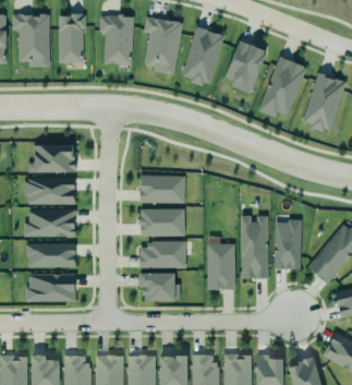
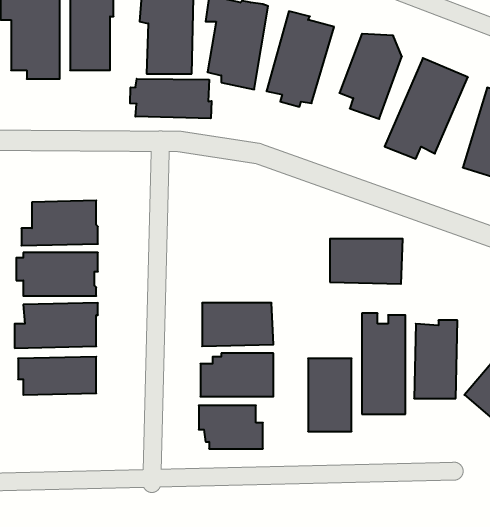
building: none -> [130,79,212,118]
building: [142,176,187,204] -> [330,239,403,284]
building: [25,273,74,300] -> none

